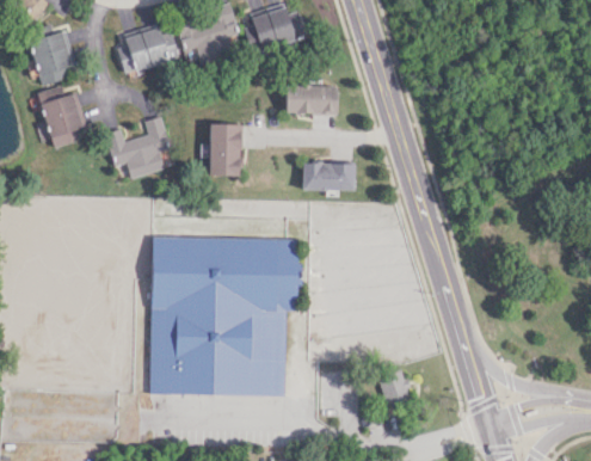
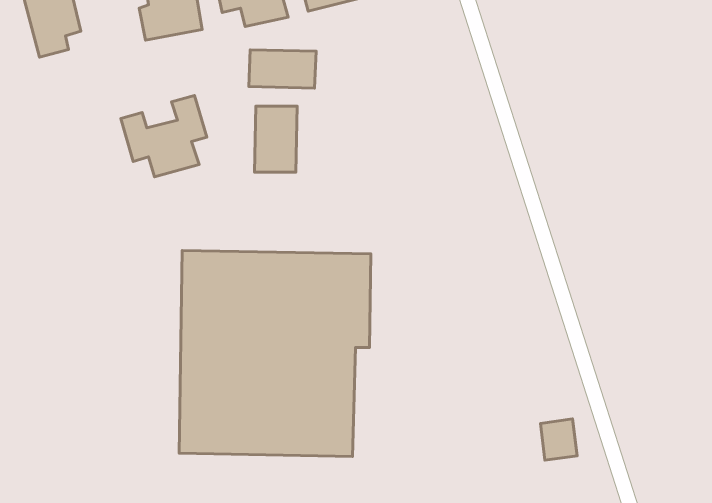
building: [285,85,338,115] -> [249,50,316,88]
building: [38,87,86,148] -> none
building: [302,162,355,191] -> none
building: [381,371,410,404] -> [540,419,577,460]

